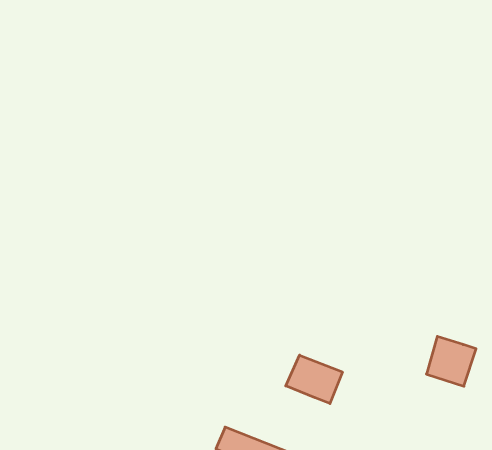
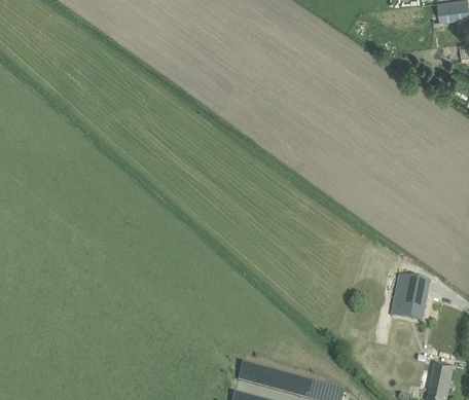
building: [286,355,342,404] -> none

